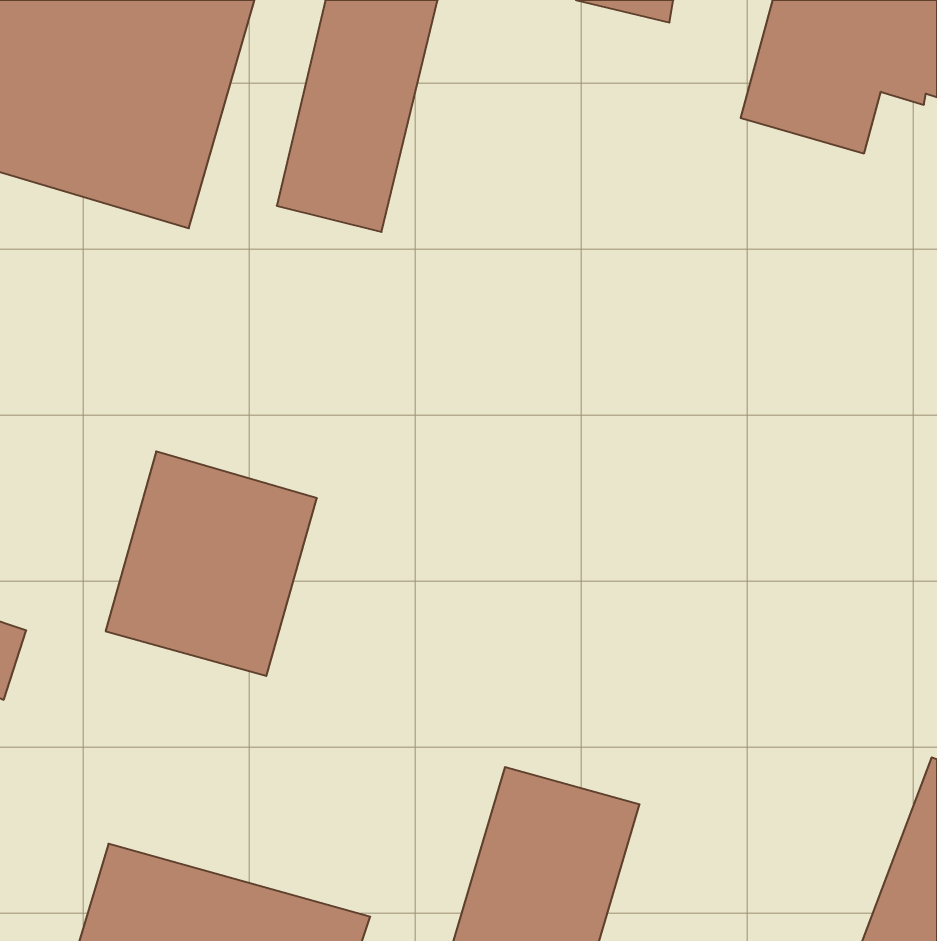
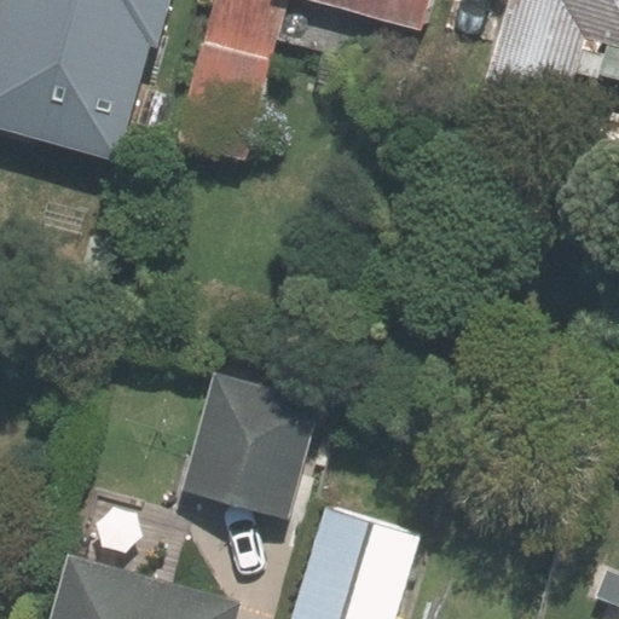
building: [106,451,317,676] -> [183,372,319,517]

